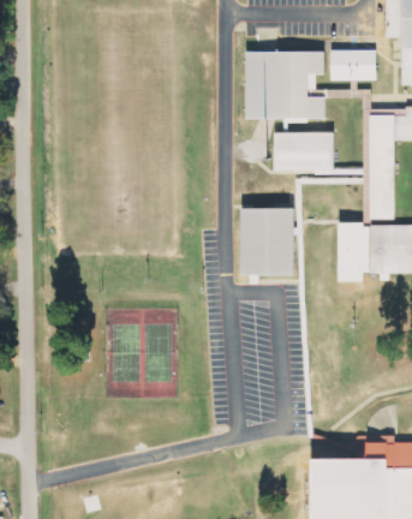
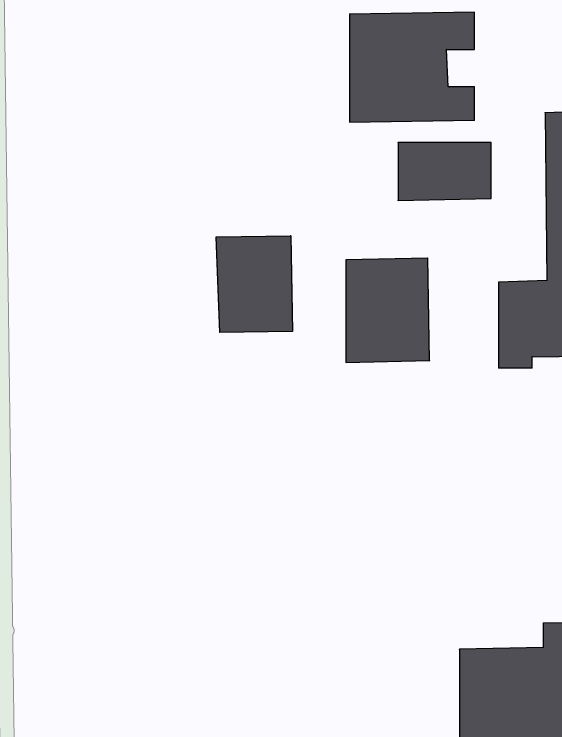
building: [330,50,375,82] -> none
building: none -> [216,236,292,332]

